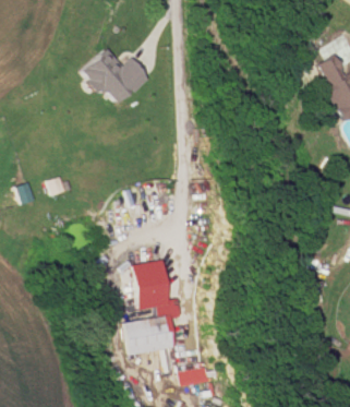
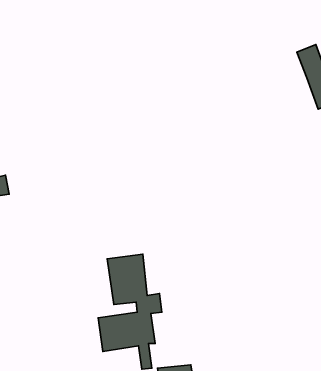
building: [80,48,148,104] -> none

